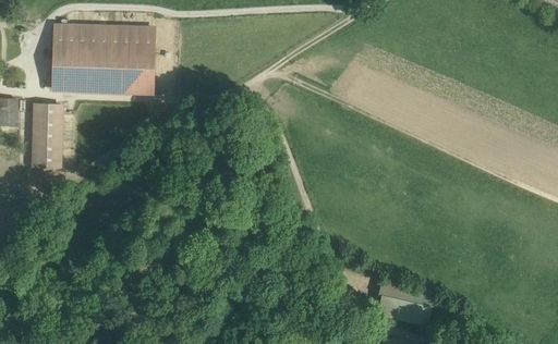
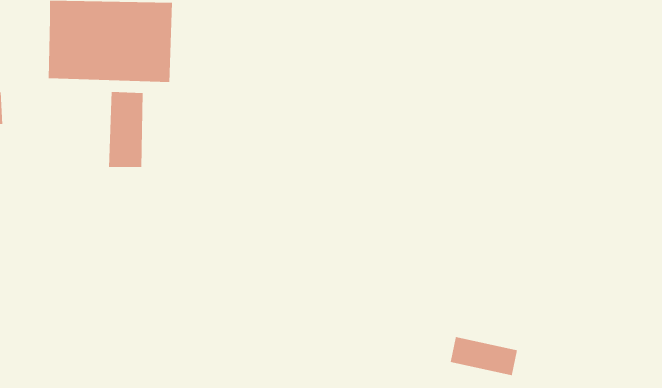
building: [33,102,61,163] -> [108,91,143,167]

